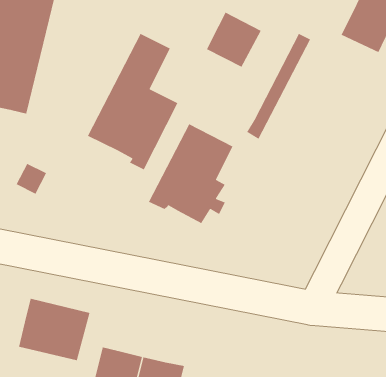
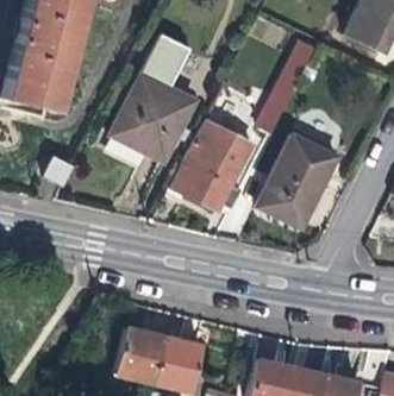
building: [206,12,262,68] -> none
building: none -> [257,133,339,228]
building: [18,298,90,361] -> none

